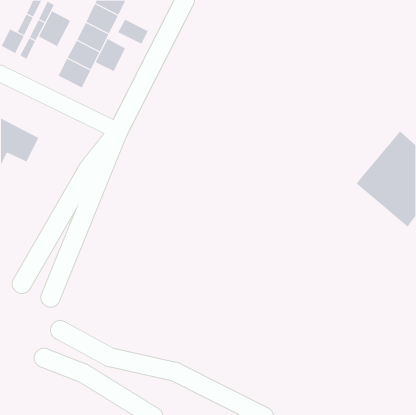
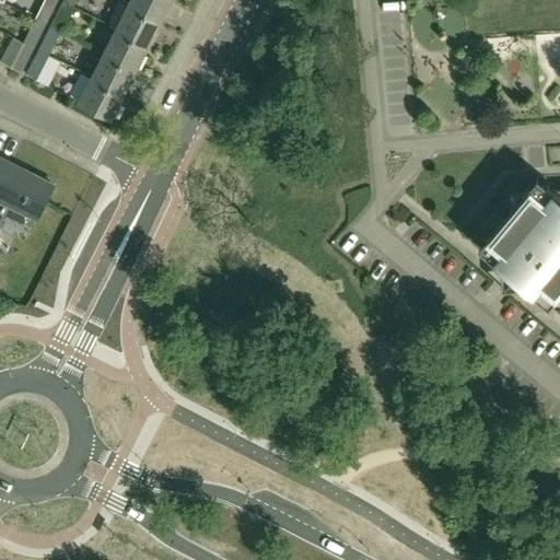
building: [38,11,71,47] -> none
building: [118,19,149,44] -> none
building: [95,38,126,72] -> none

